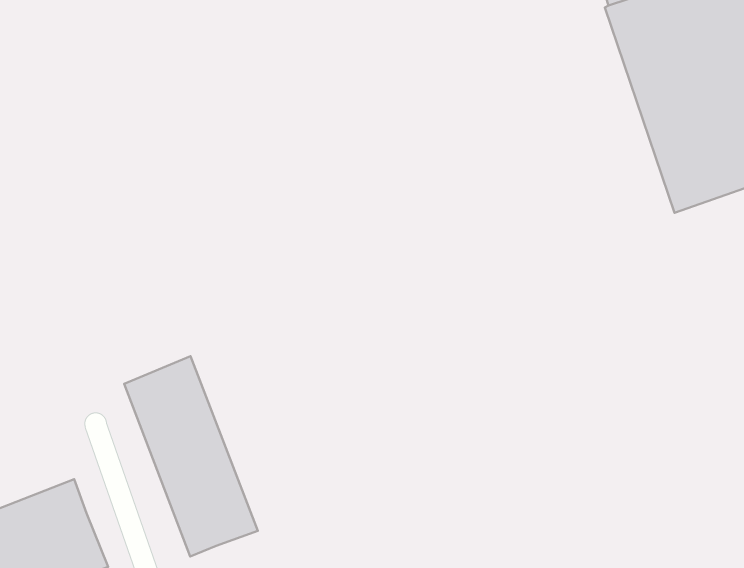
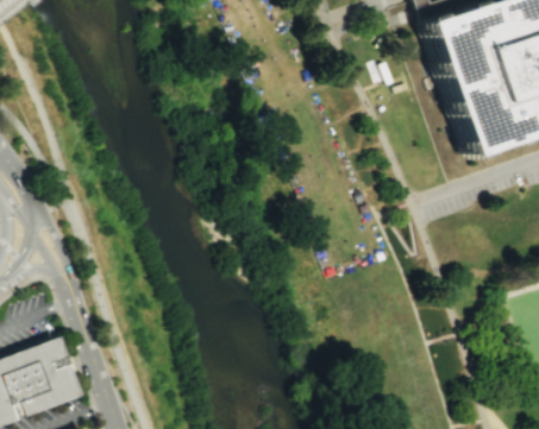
building: [124,356,258,557] -> none

